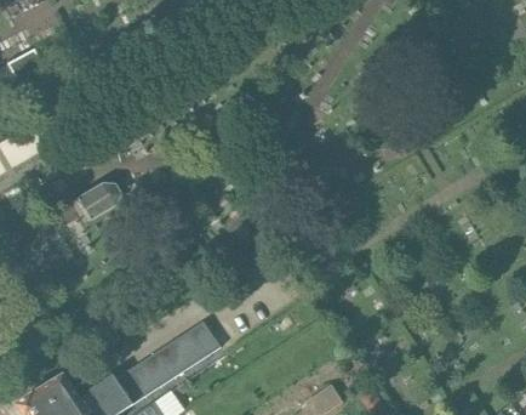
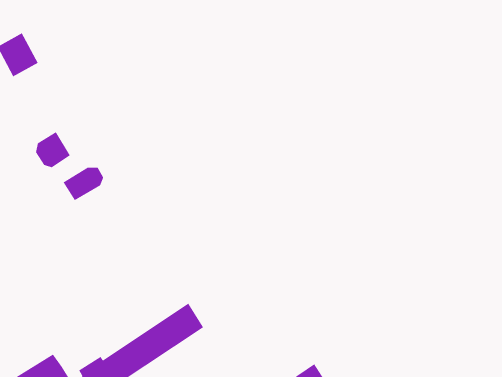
building: none -> [35,131,71,168]

